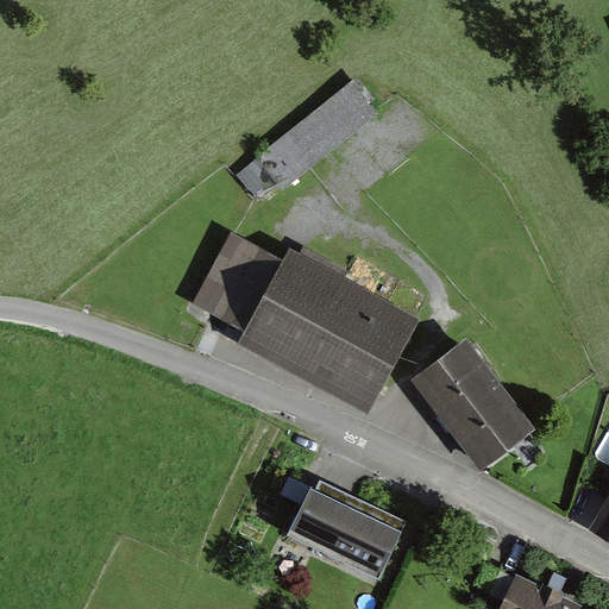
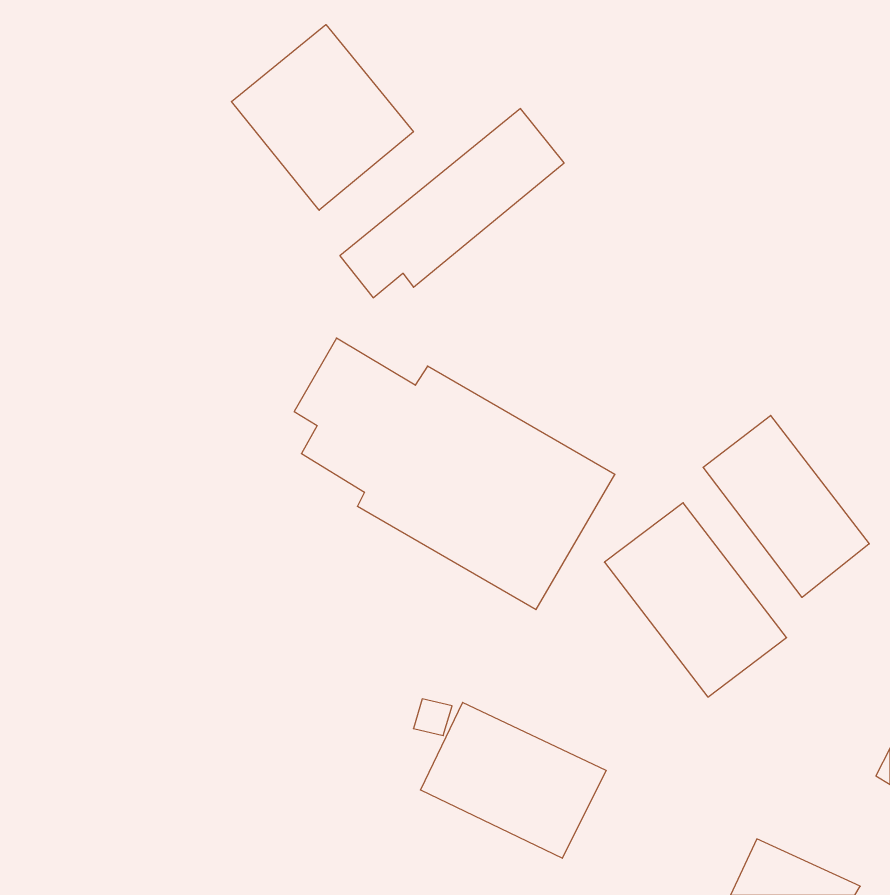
building: none -> [231,25,413,210]
building: none -> [703,415,869,597]

